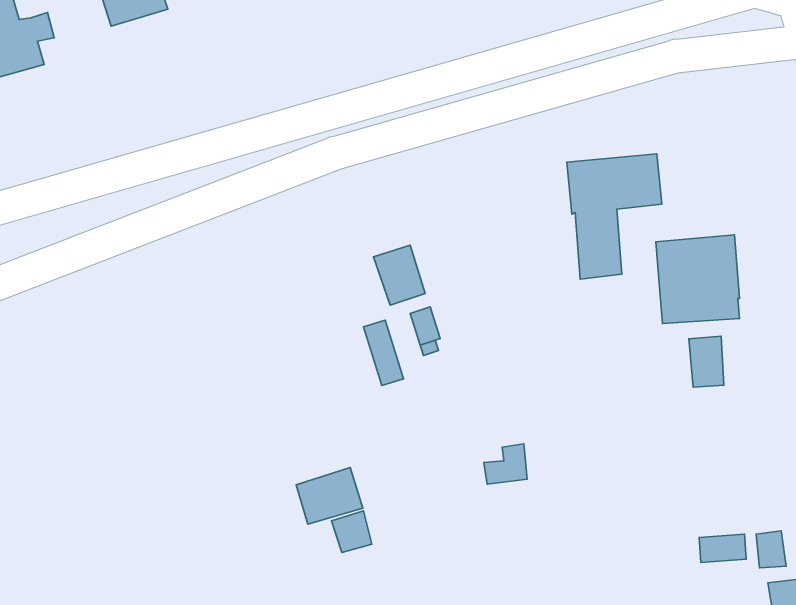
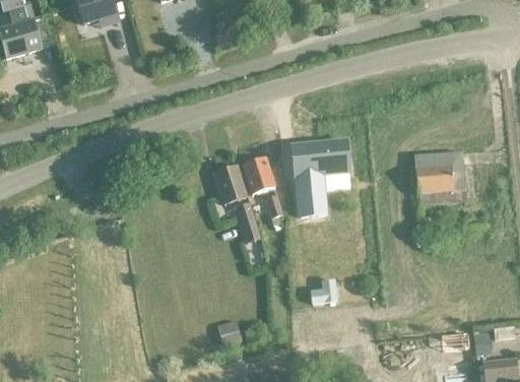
building: [567,154,662,279] -> [291,140,349,216]
building: none -> [214,165,248,203]
building: [689,336,724,387] -> none
building: [296,467,363,524] -> none

